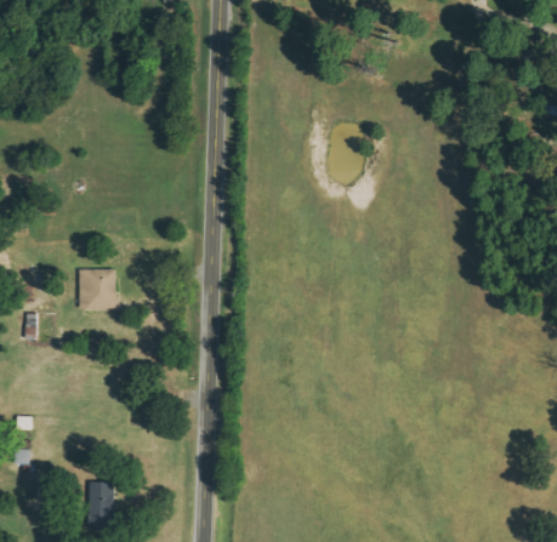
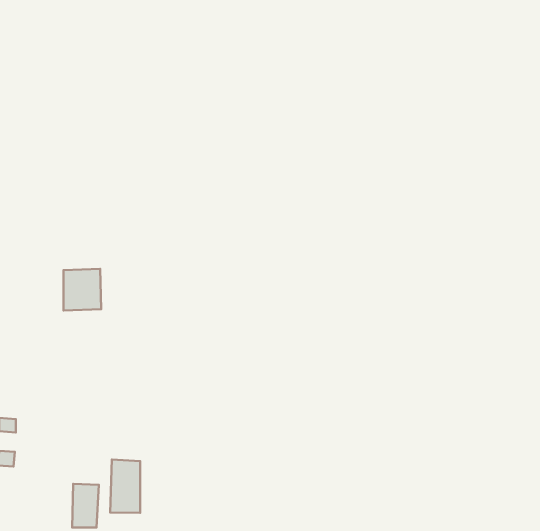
building: none -> [110,460,140,513]

